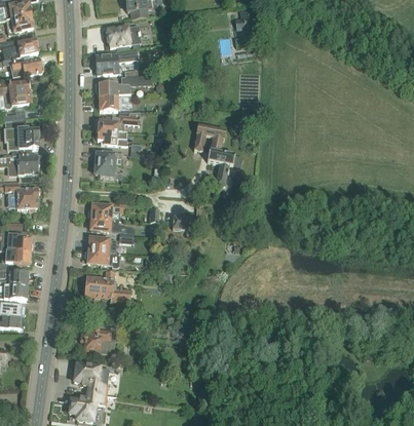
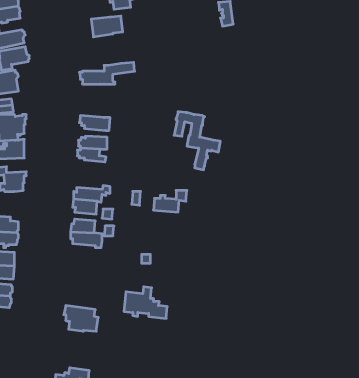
building: [96,50,133,74] -> none
building: [98,95,130,110] -> none
building: [97,110,140,130] -> none
building: [85,270,130,303] -> [124,287,167,318]
building: [74,363,110,394] -> none

